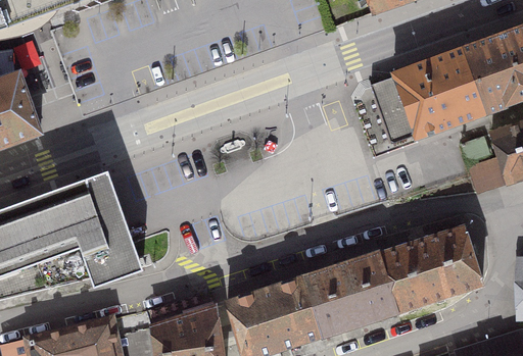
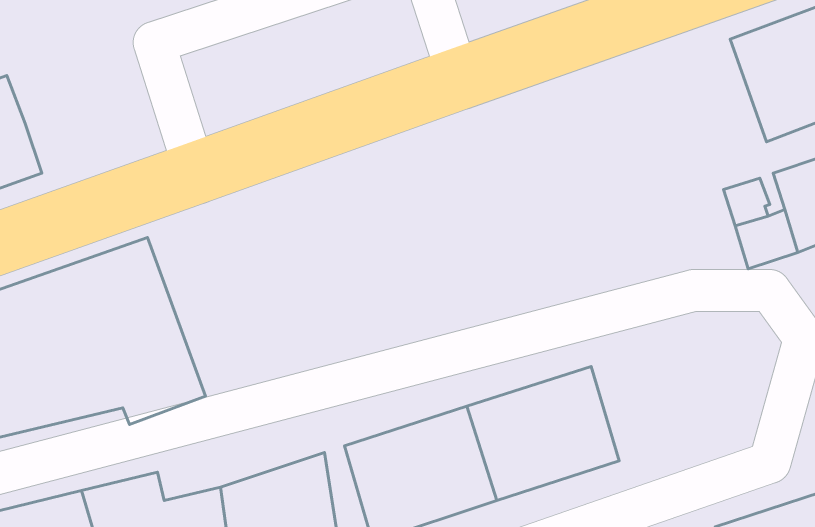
building: [361,51,487,149] -> none
building: [379,226,482,311] -> none

